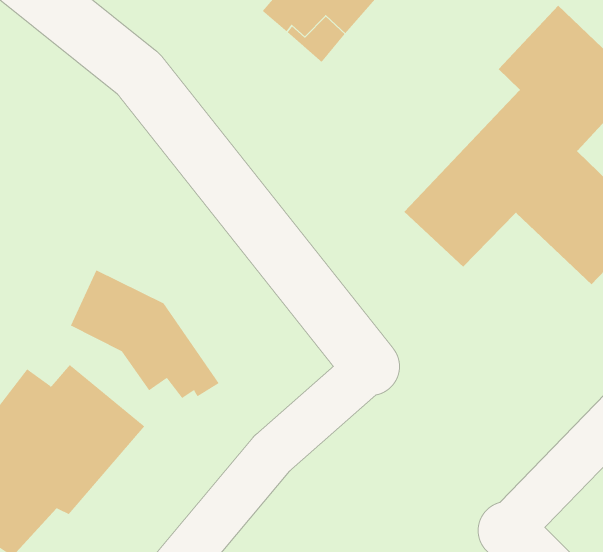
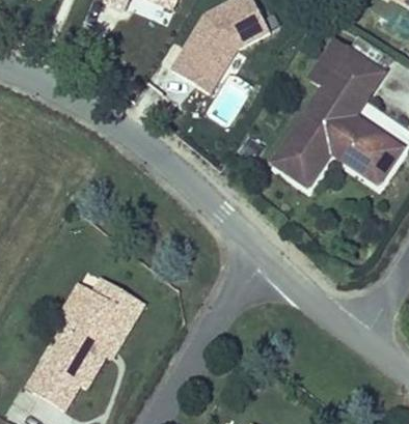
building: [70,269,220,399] -> none

